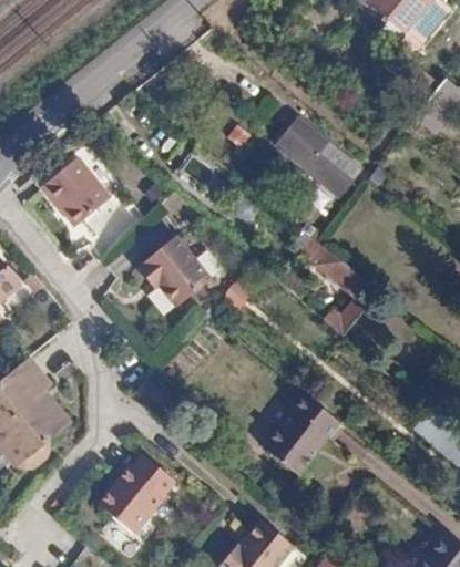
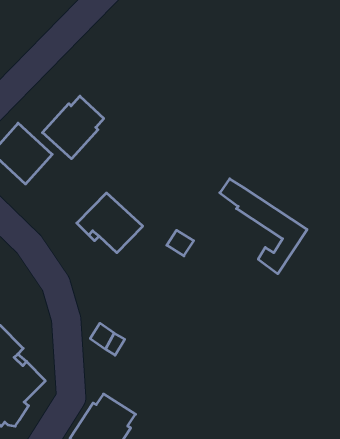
building: [275,113,358,193] -> none
building: none -> [42,96,104,159]
building: [262,395,338,475] -> none

